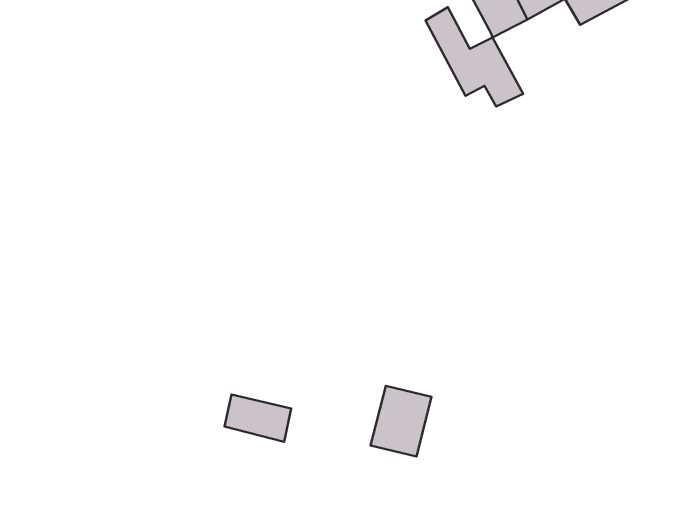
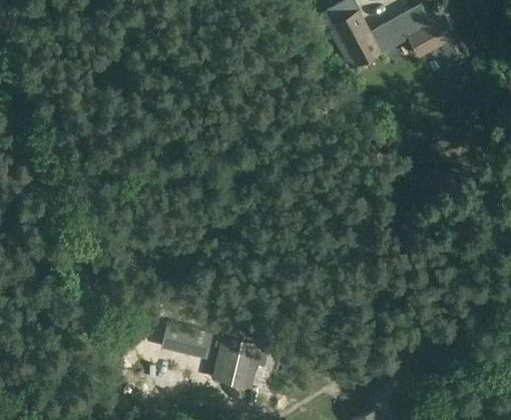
building: [425,7,523,107] -> none
building: [371,386,432,457] -> [211,337,256,388]

